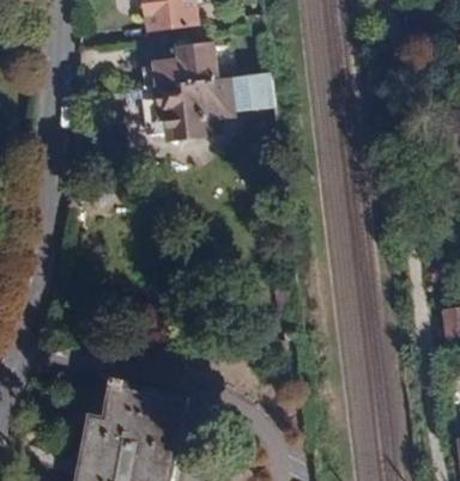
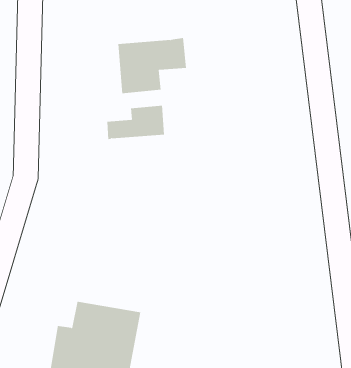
building: [150,44,218,85] -> [107,105,165,140]
building: [234,73,272,112] -> none

